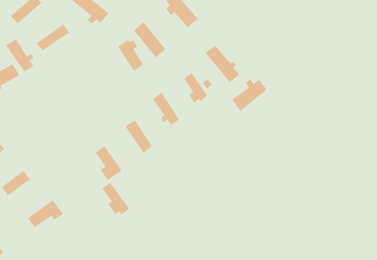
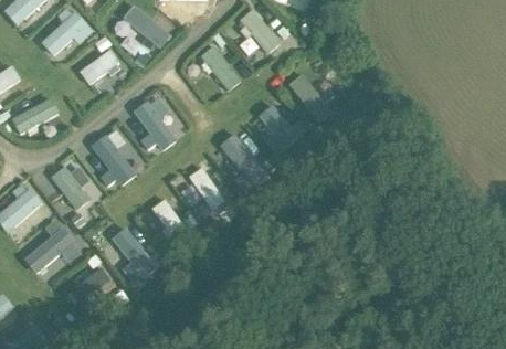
building: [5,39,34,73] -> none
building: [117,40,144,72] -> [136,103,169,142]
building: [231,79,267,112] -> none
building: none -> [93,133,126,176]
building: none -> [51,166,91,210]
building: [101,182,130,215] -> [117,230,152,271]

